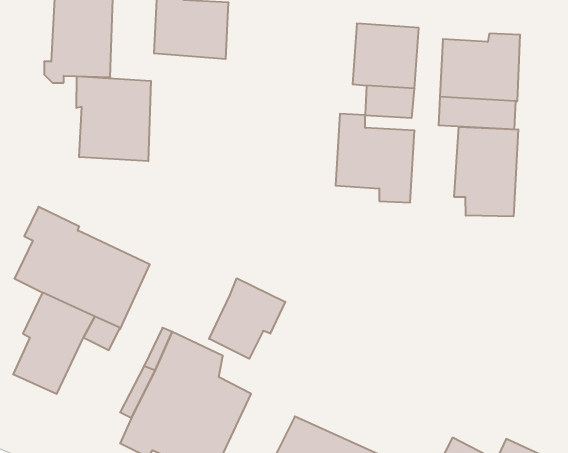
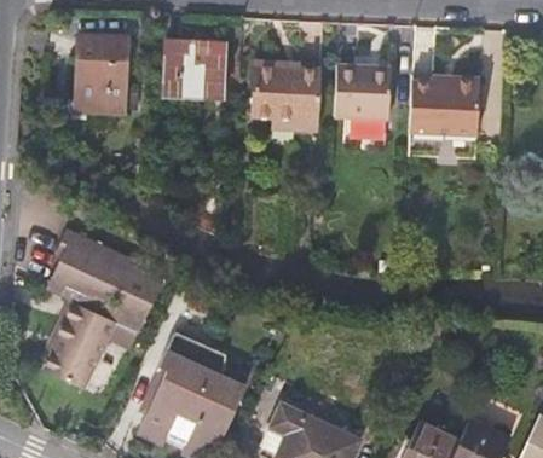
building: [76,76,151,161] -> none
building: [336,114,415,202] -> [254,57,322,133]
building: [454,127,518,216] -> none
building: [209,278,285,359] -> none

